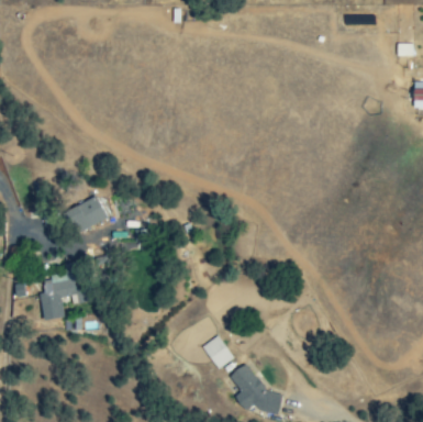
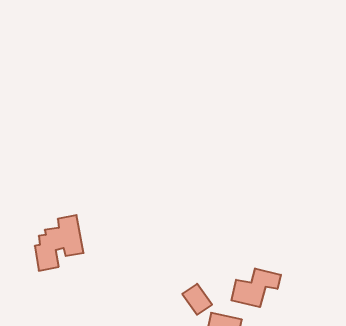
building: [69,196,109,233] -> none
building: none -> [231,268,281,307]

